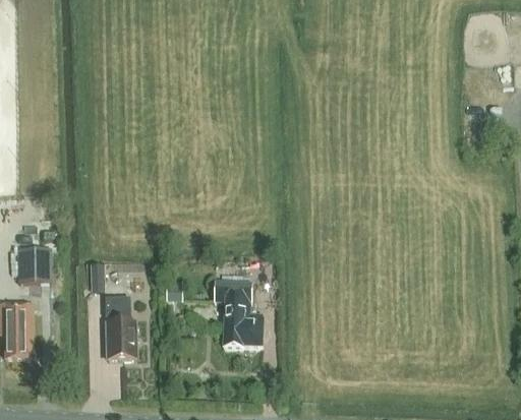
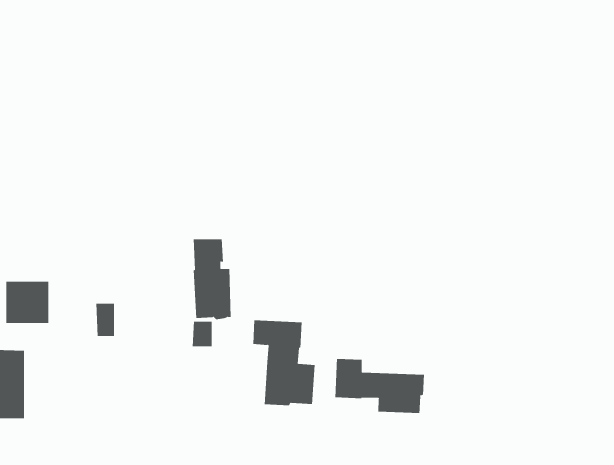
building: [105,296,135,360] -> [193,239,231,320]
building: none -> [335,358,425,414]

